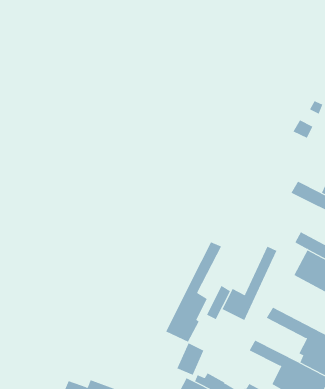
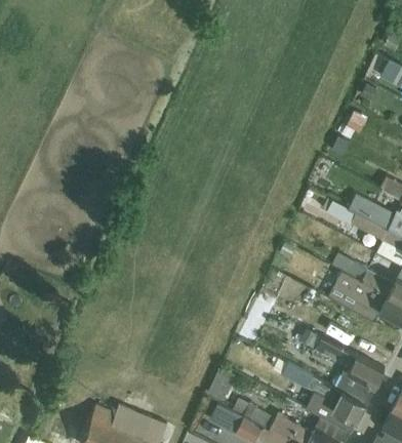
building: [165,241,222,343] -> none
building: [222,246,277,321] -> none

